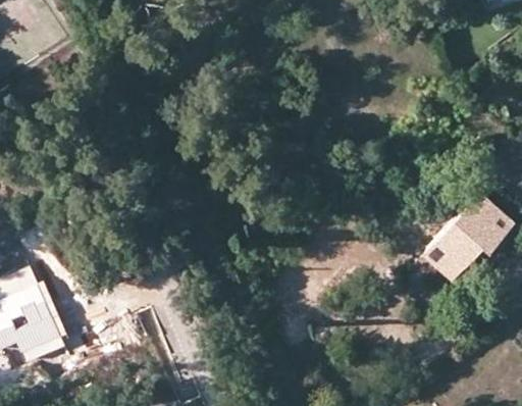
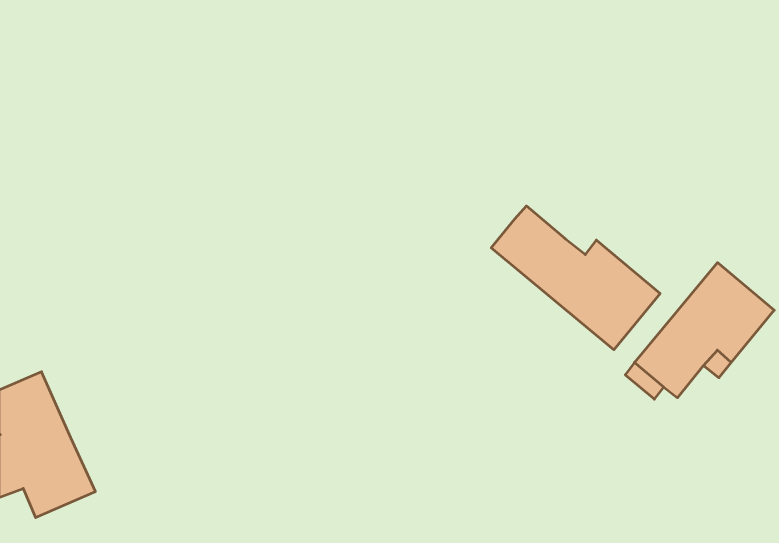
building: none -> [491,206,660,350]

